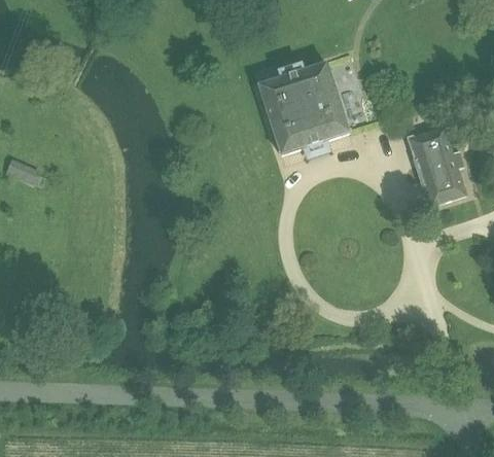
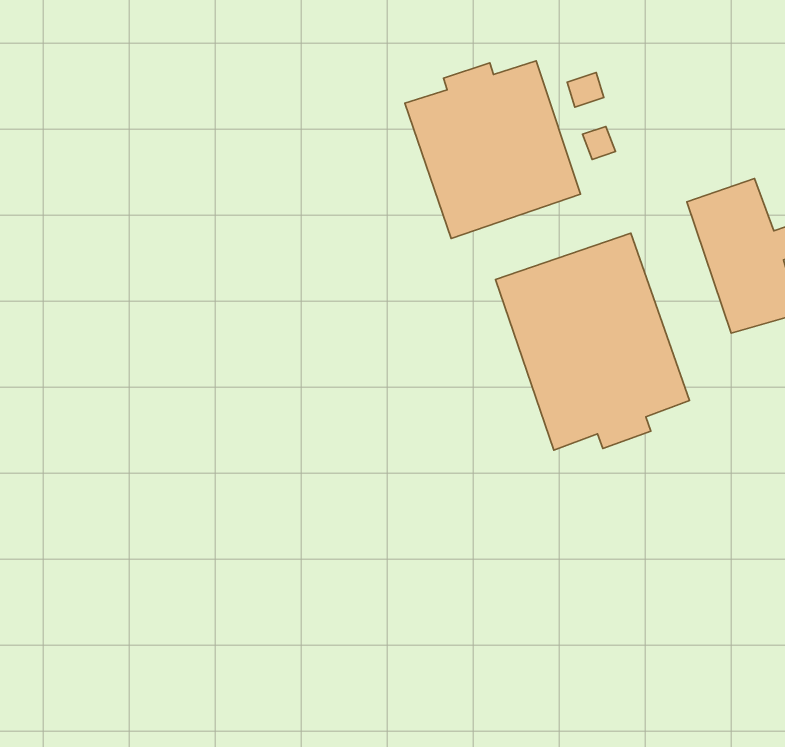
building: none -> [495,233,689,450]

